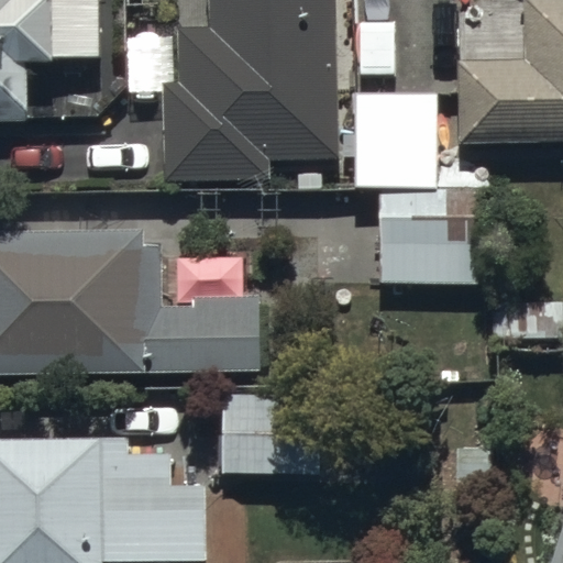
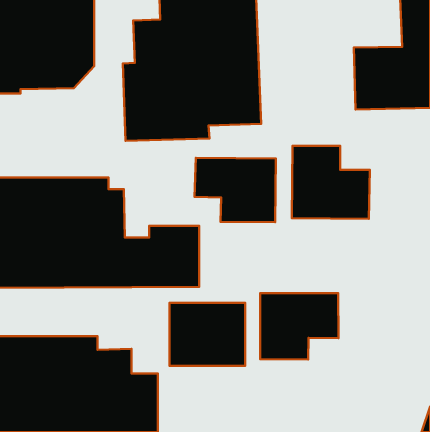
building: [342,91,437,188] -> none
building: none -> [195,158,276,222]
building: none -> [260,293,339,360]

